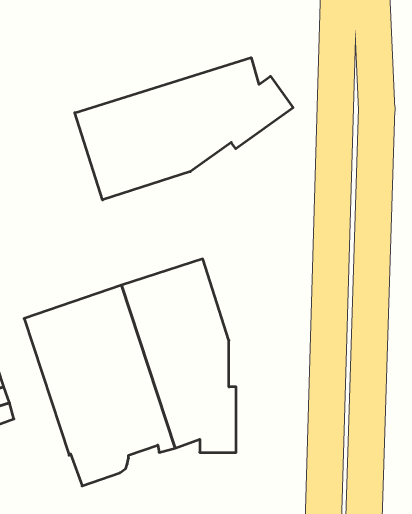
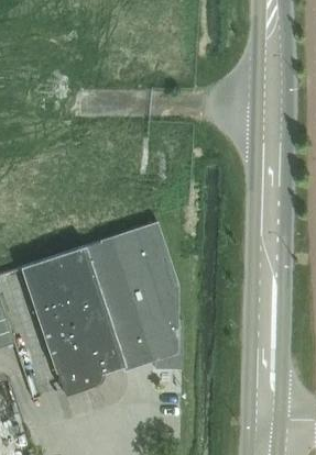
building: [75,58,293,200] -> none

